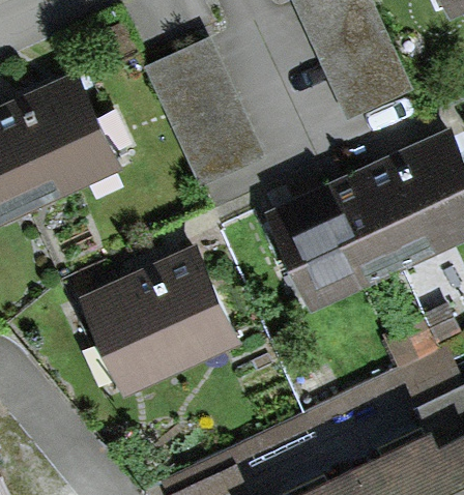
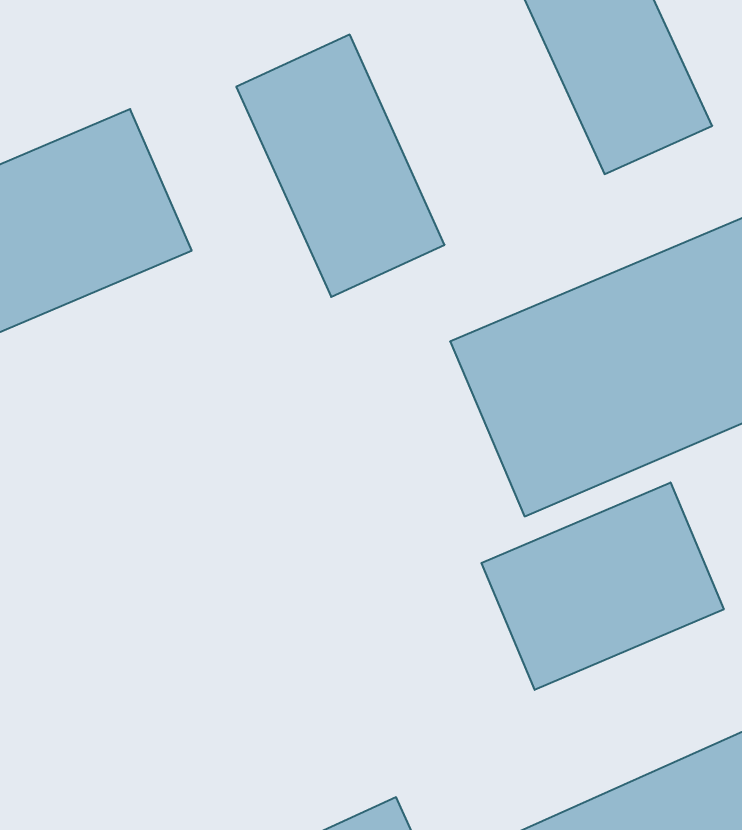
building: [79,251,234,389] -> none
building: none -> [481,482,724,690]

